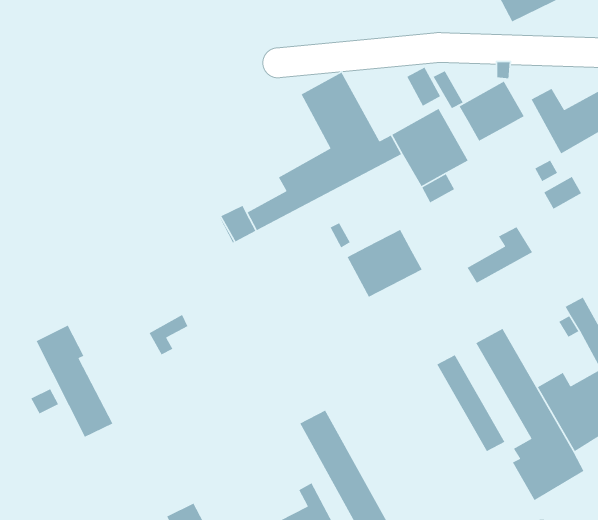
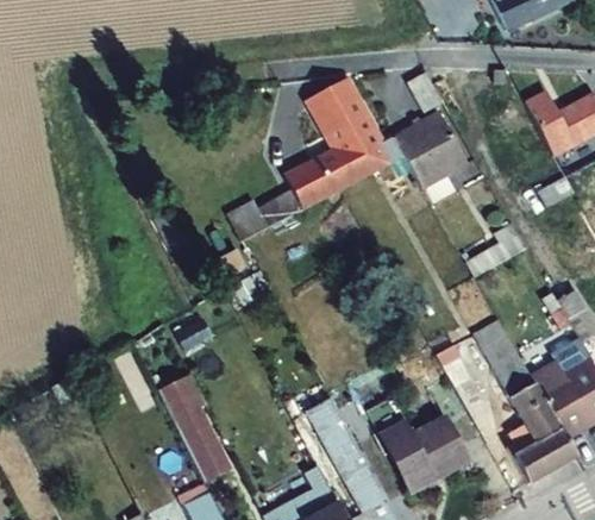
building: [458,81,525,142] -> none
building: [347,229,423,298] -> none
building: [36,325,114,438] -> [159,375,233,482]
building: none -> [381,419,469,493]

